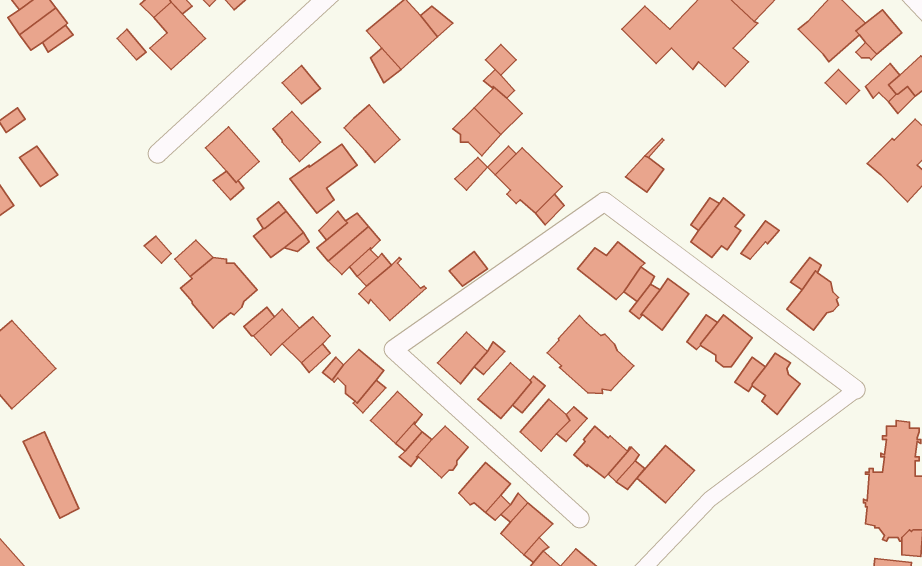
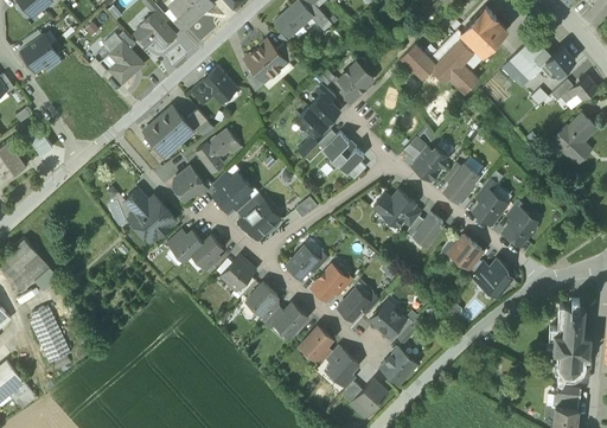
building: none -> [338,60,372,101]
building: [344,105,400,162] -> [202,66,236,102]
building: none -> [158,106,191,140]
building: none -> [411,145,448,179]
building: none -> [475,190,506,223]
building: [547,315,634,393] -> none
building: [637,445,694,503] -> [381,347,416,383]

